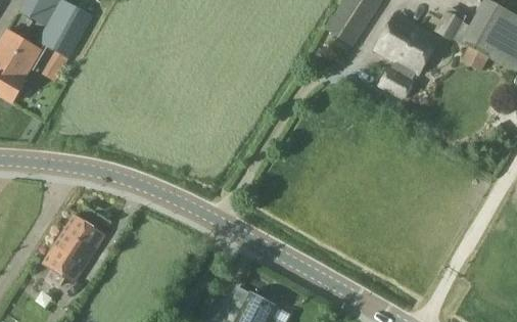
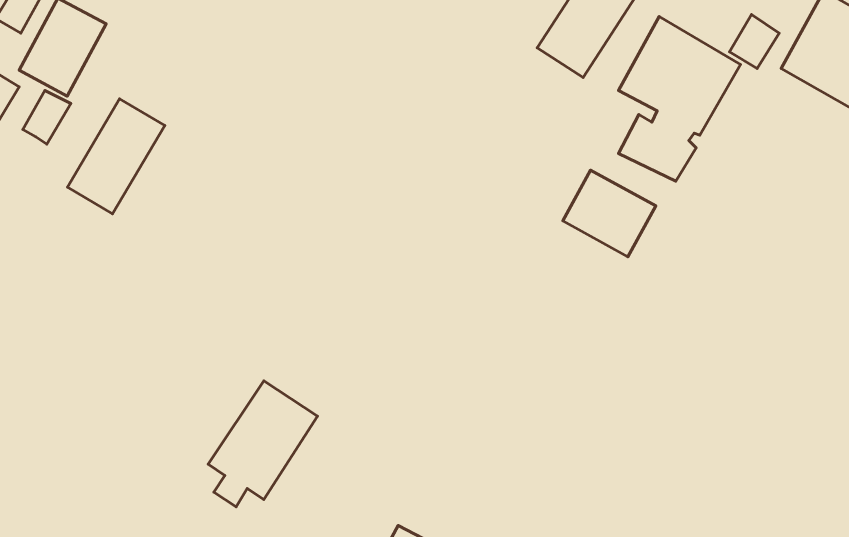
building: none -> [67,99,165,214]
building: none -> [563,170,656,257]
building: [44,215,104,284] -> [208,381,317,507]

